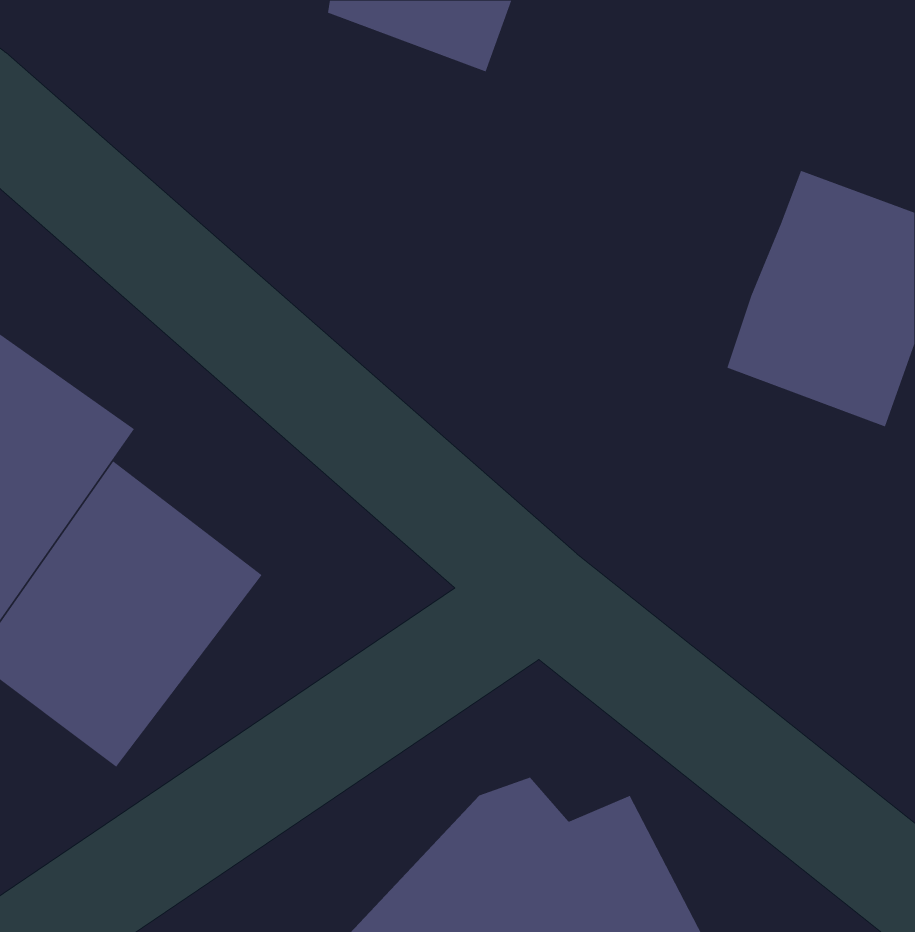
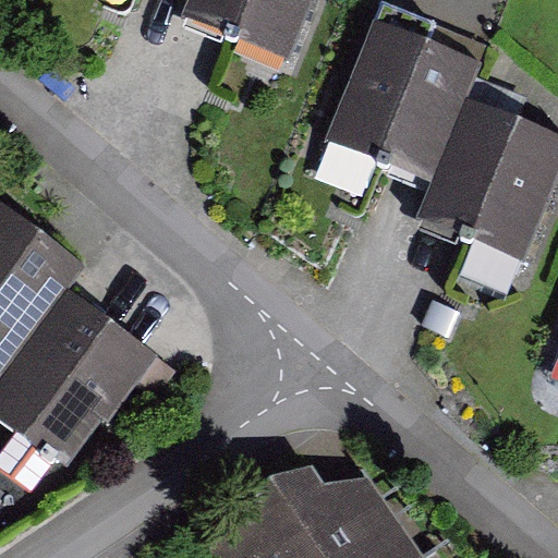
building: none -> [348,26,487,182]

